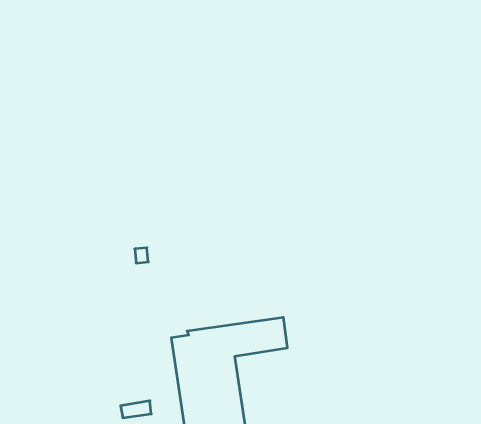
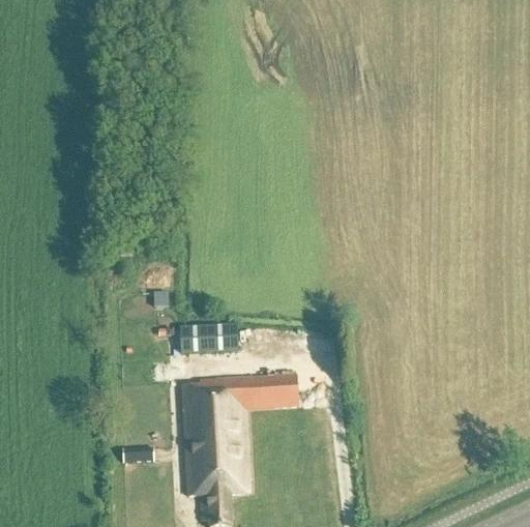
building: none -> [177,324,237,353]

